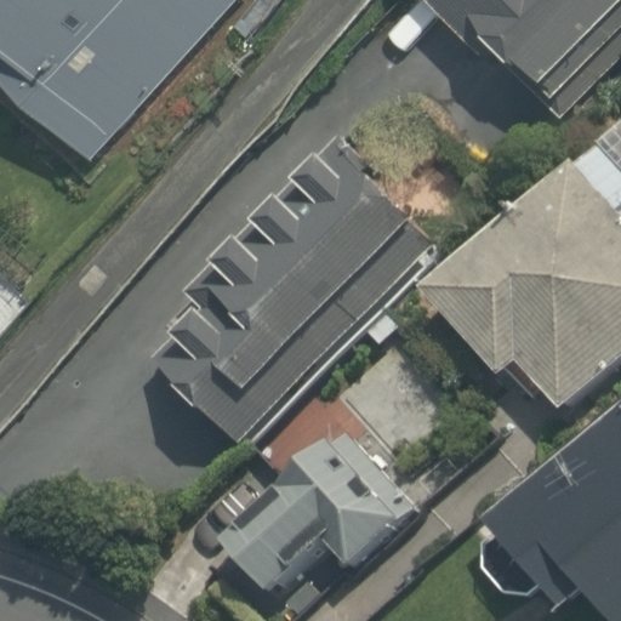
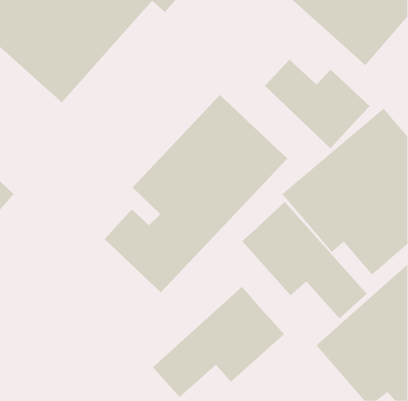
building: none -> [264,59,370,149]
building: none -> [241,201,367,319]

